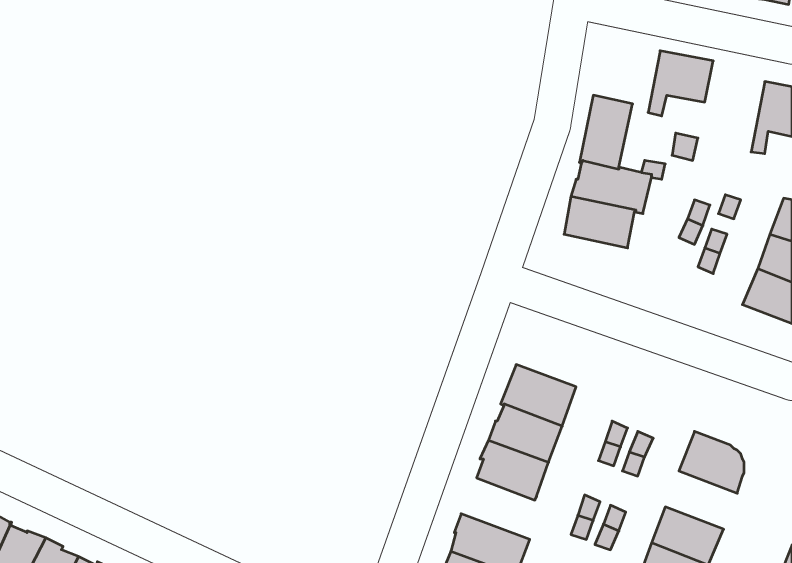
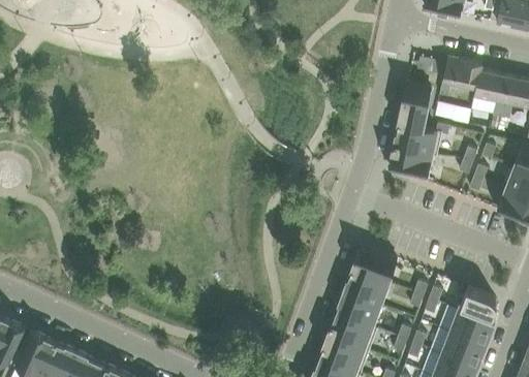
building: none -> [472,63,510,118]
building: none -> [450,310,494,345]
building: none -> [328,314,377,351]

